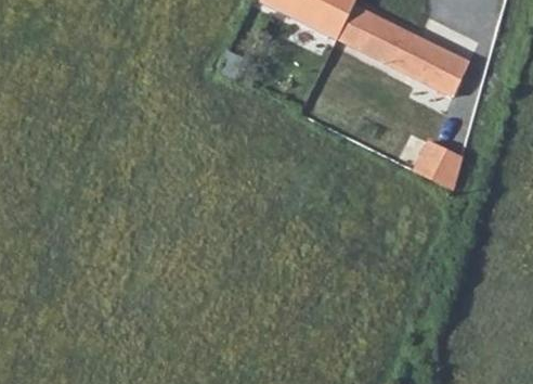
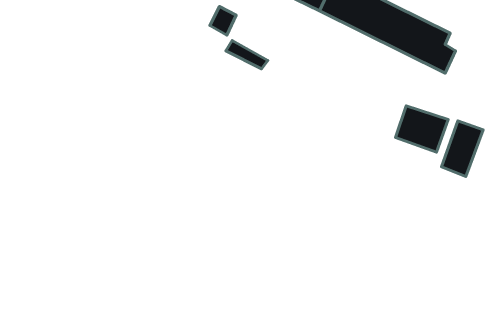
building: none -> [441,121,483,176]

